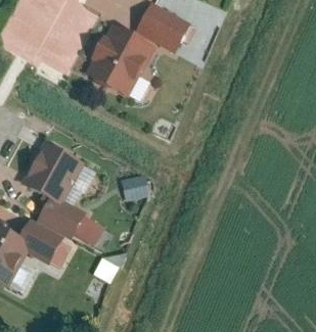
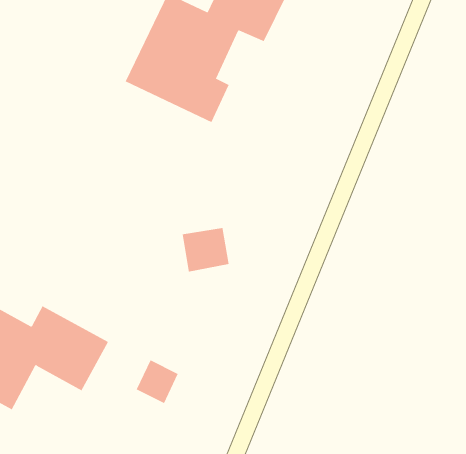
building: [24,142,101,244] -> none

